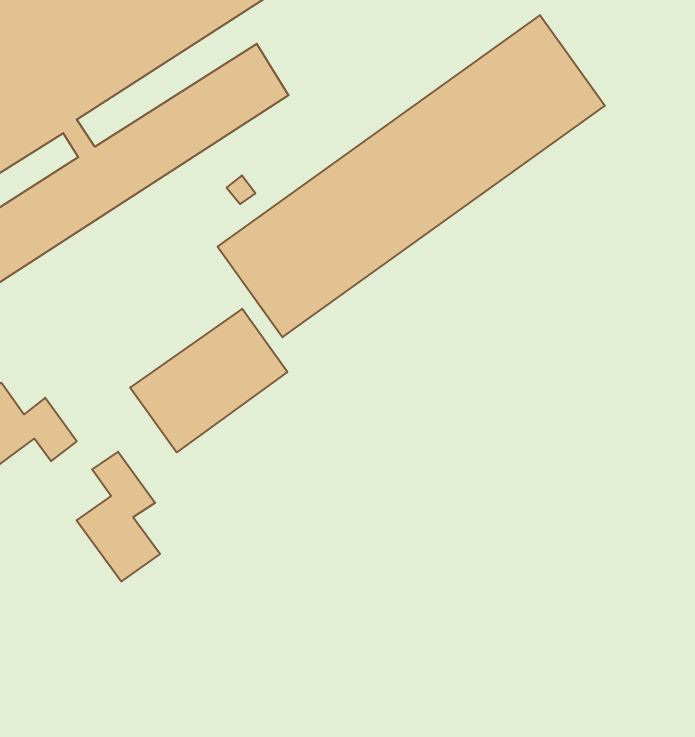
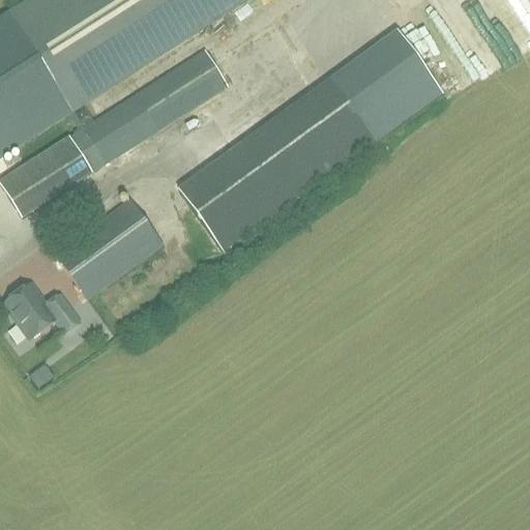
building: [130,309,287,452] -> [55,197,163,295]
building: [77,452,160,581] -> none

